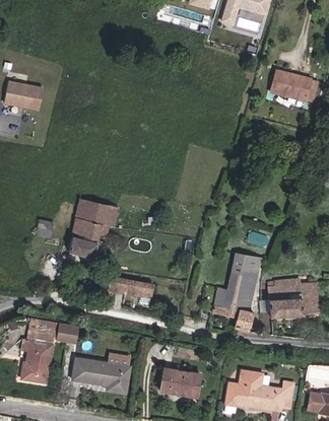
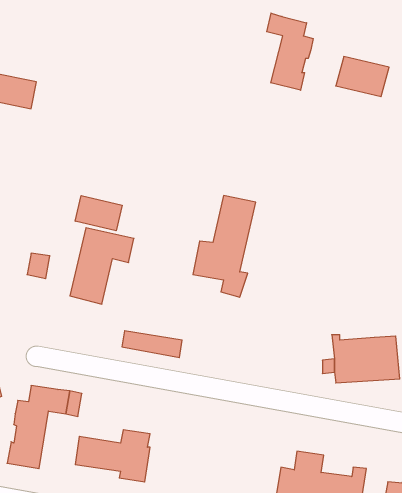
building: none -> [267,13,313,90]
building: none -> [75,196,122,231]
building: [213,254,261,331] -> [193,196,256,297]
building: [159,367,200,397] -> none

